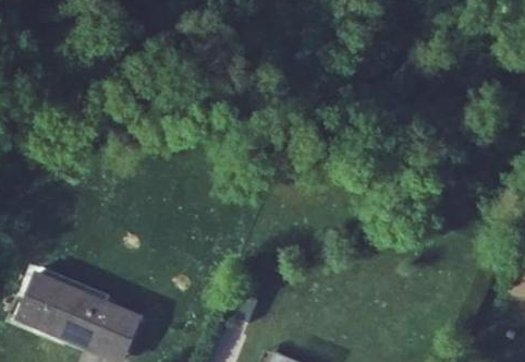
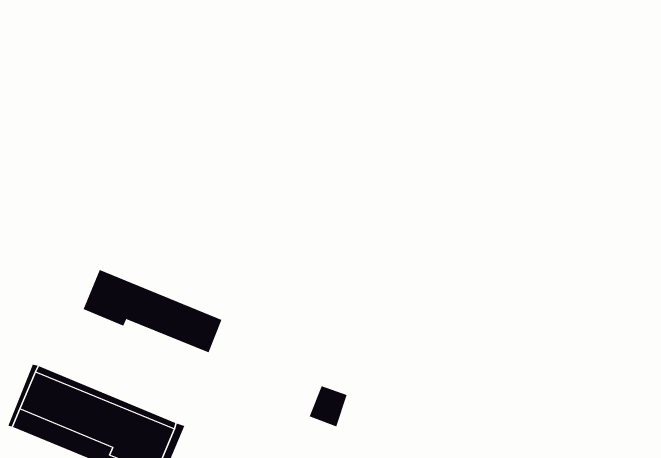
building: none -> [83,269,222,353]

